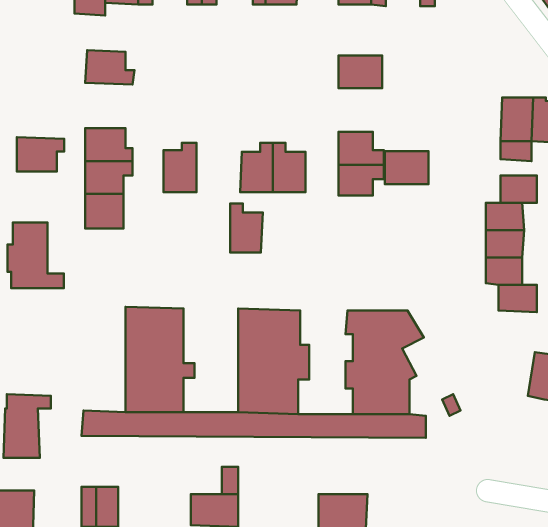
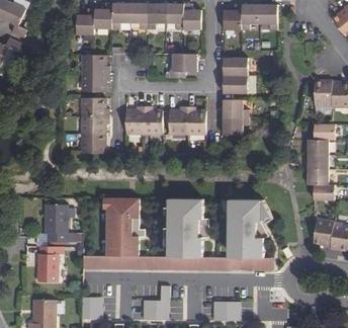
building: none -> [166,54,197,78]
building: [17,137,64,172] -> [83,73,109,92]
building: [385,151,429,184] -> [224,76,248,94]
building: [230,203,263,253] -> [145,106,163,134]
building: [7,223,64,288] -> [44,206,75,242]
building: none -> [313,220,333,247]

